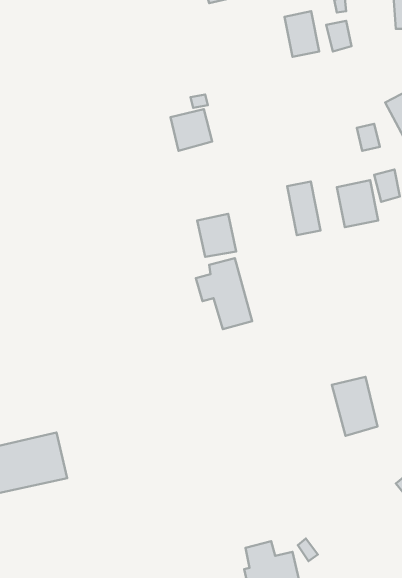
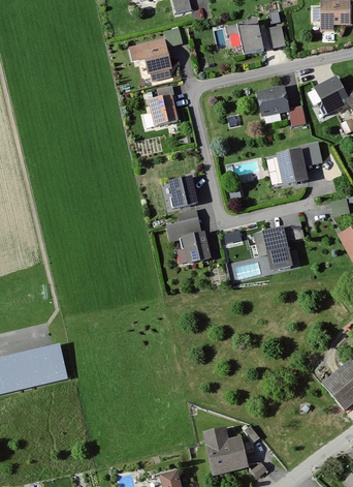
building: none -> [140,37,171,73]
building: none -> [256,86,289,118]
building: [287,182,321,235] -> none
building: [332,377,378,436] -> [258,226,293,272]

